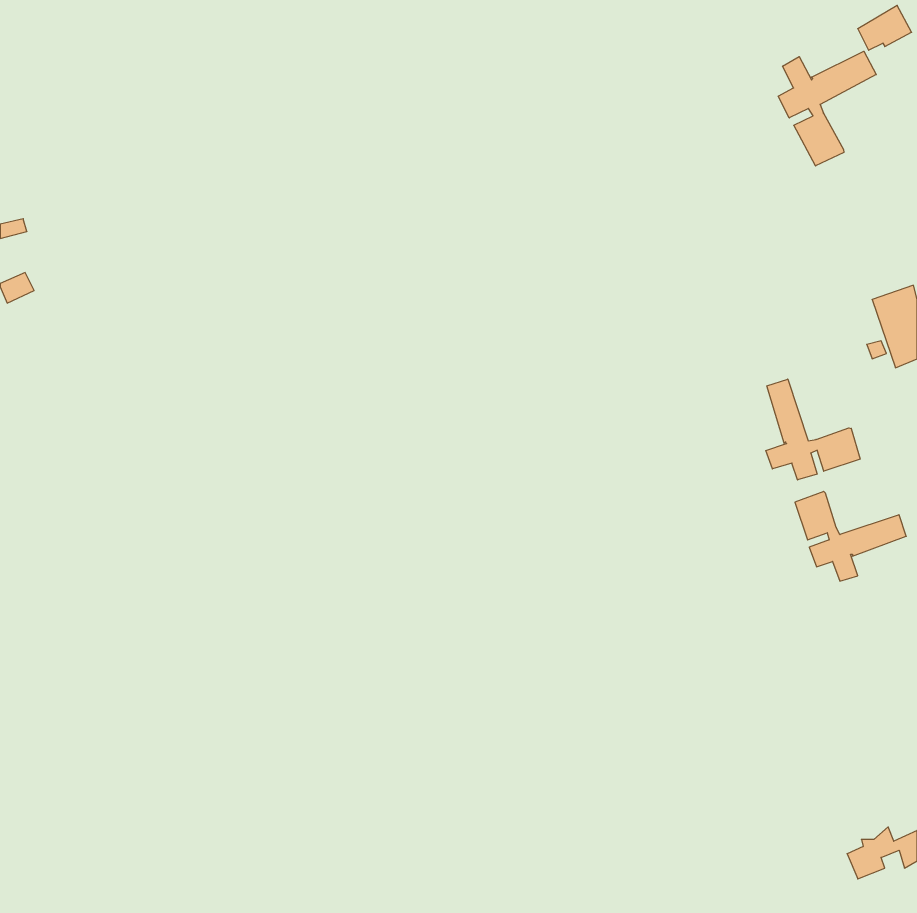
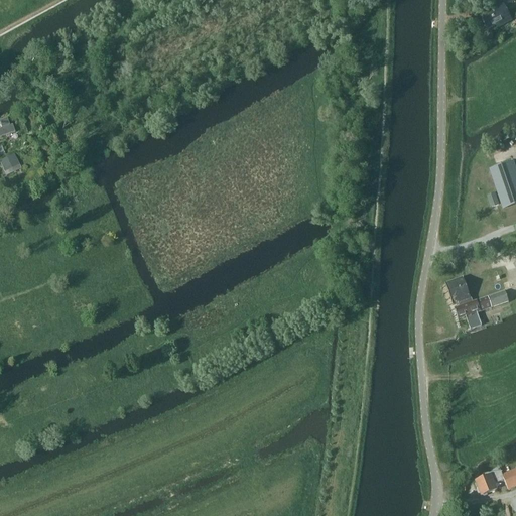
building: [778,51,876,166] -> none
building: [766,379,860,480] -> none

